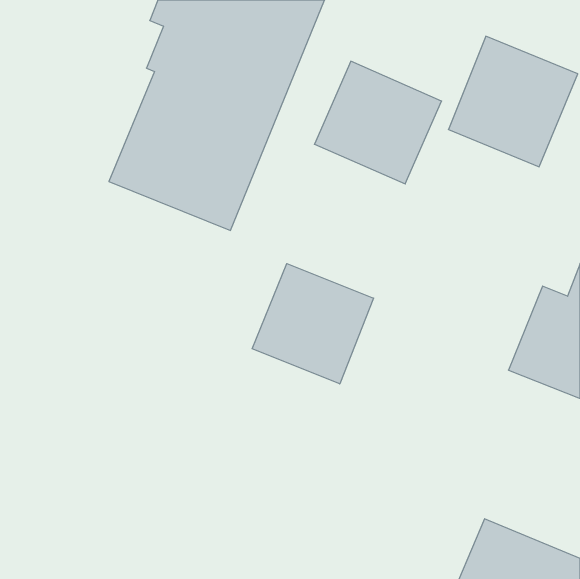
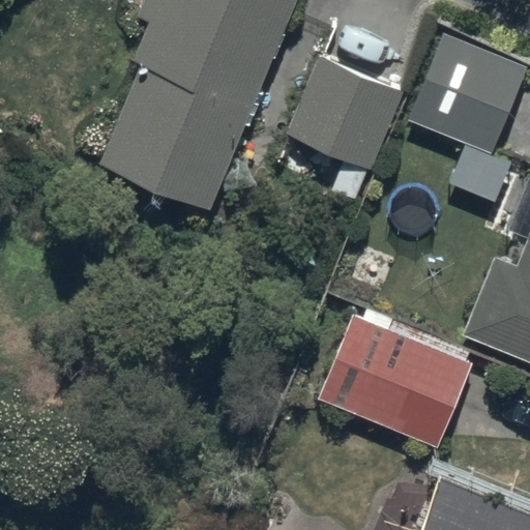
building: [252,264,374,384] -> none
building: none -> [321,314,471,442]

